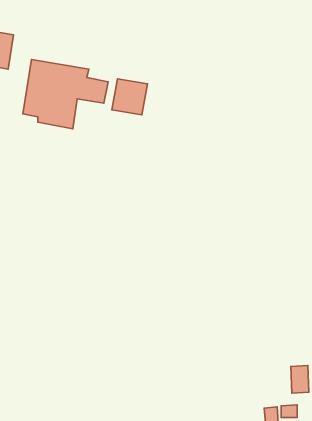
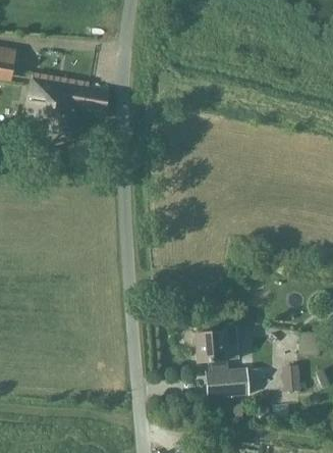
building: [112,79,147,115] -> none
building: none -> [197,325,251,396]

